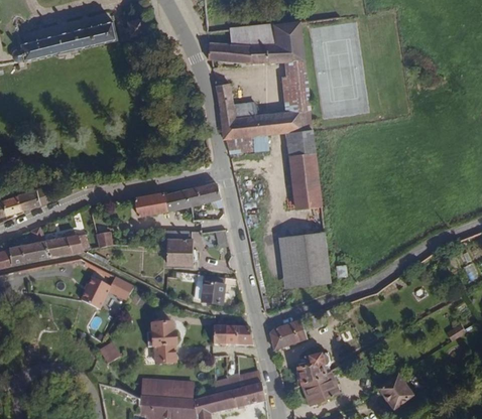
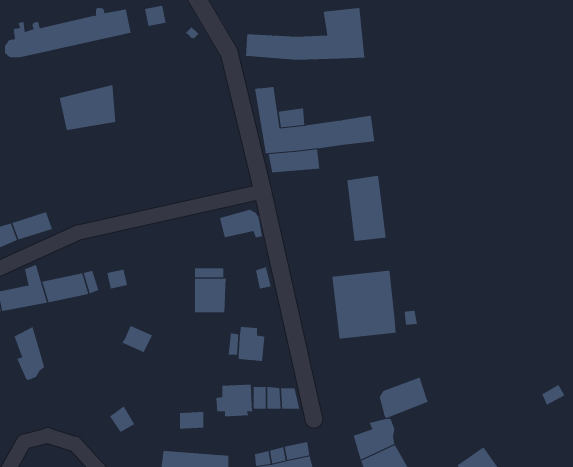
building: [229,24,273,44] -> none
building: [280,61,310,112] -> none
building: none -> [59,84,116,131]
building: [286,129,316,160] -> none
building: [134,190,191,219] -> none
building: [80,277,111,309] -> none
building: none -> [14,326,45,381]
building: [267,318,308,352] -> [379,377,429,418]
building: [147,321,177,347] -> [215,384,253,417]

